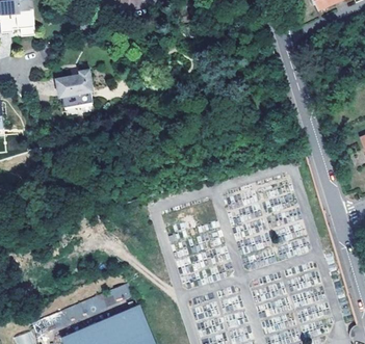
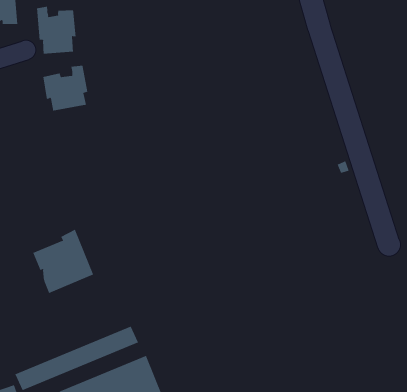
building: none -> [37,6,76,54]
building: none -> [33,229,94,294]

